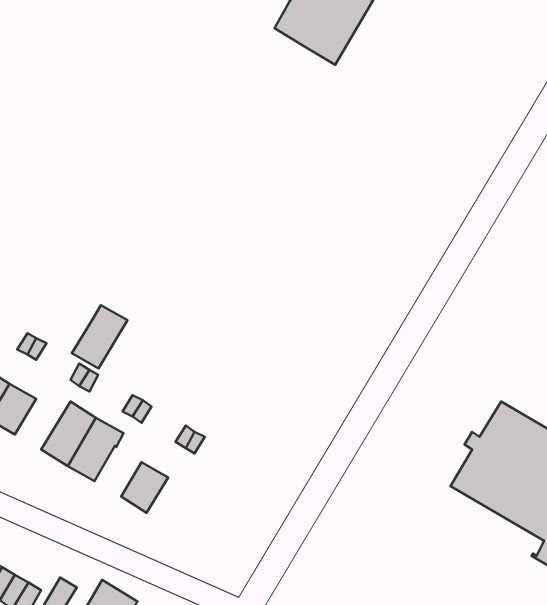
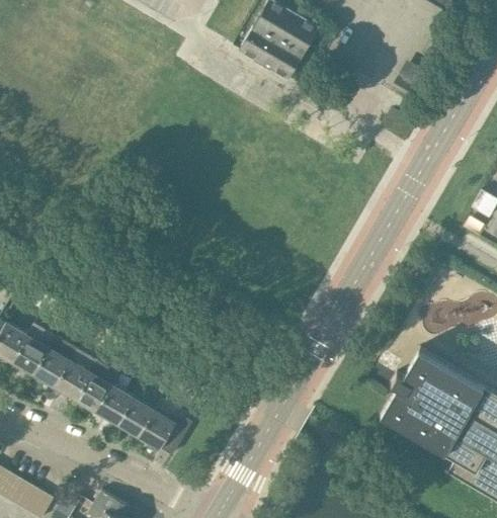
building: [72,305,128,368] -> [31,337,76,387]
building: none -> [95,384,133,425]
building: none -> [137,410,191,456]

